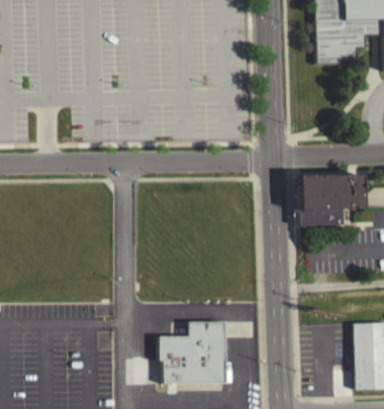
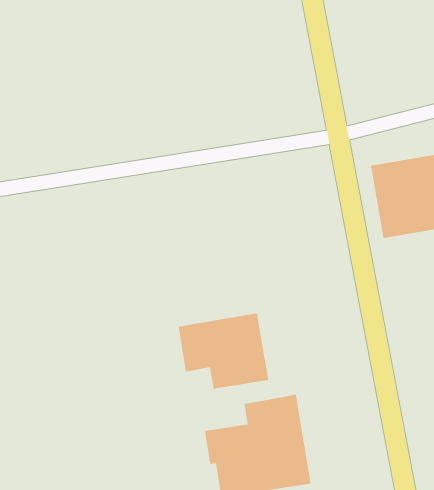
building: none -> [178,313,269,390]

